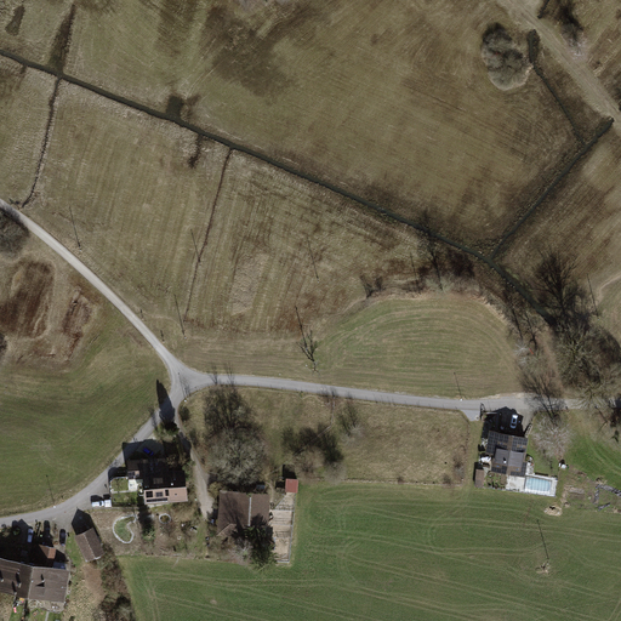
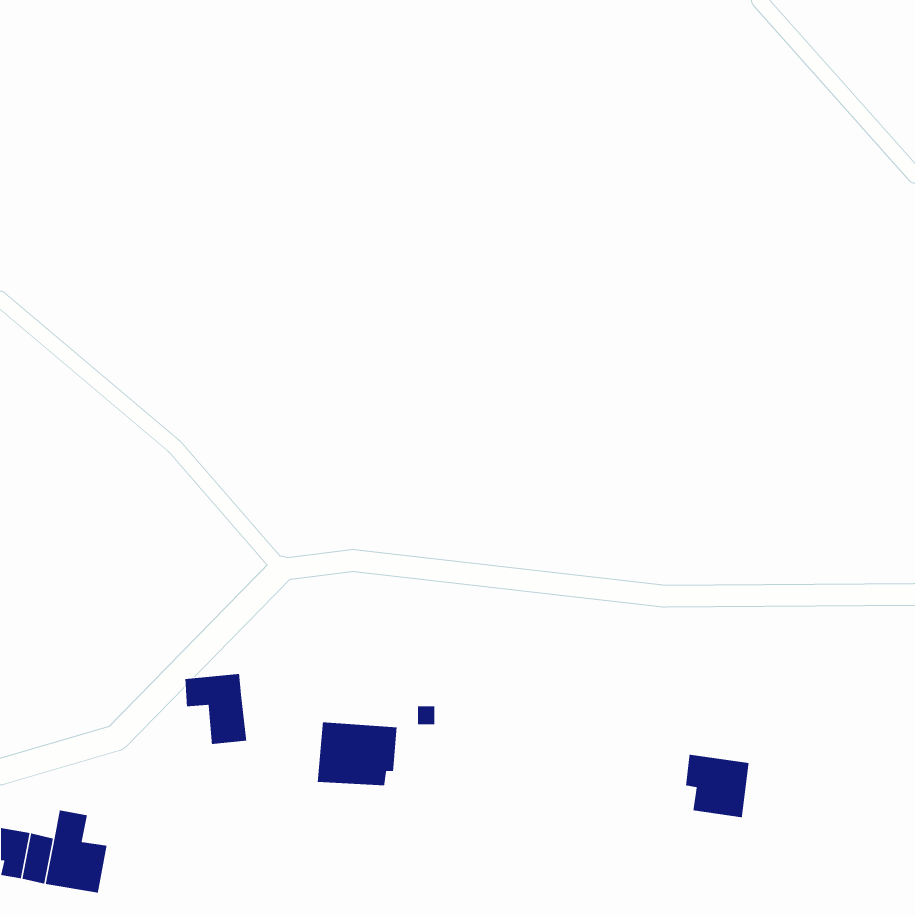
building: [490,434,534,478] -> [685,754,750,818]
building: [164,468,187,502] -> none
building: [73,524,104,560] -> none

